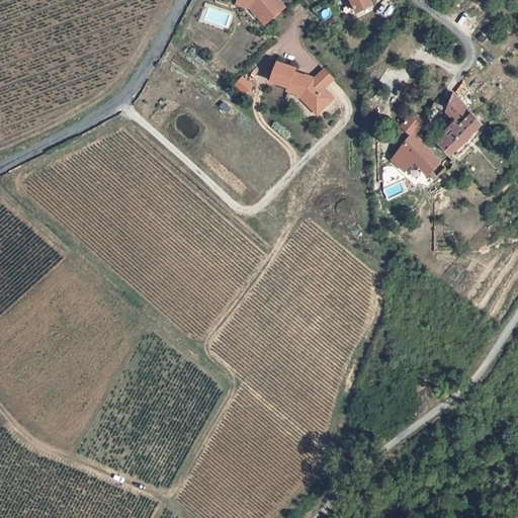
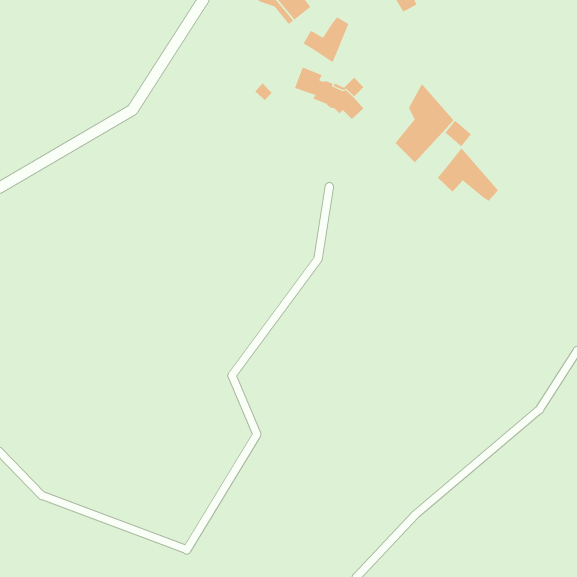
building: none -> [303,17,349,63]
building: [435,91,489,163] -> [395,83,455,163]

